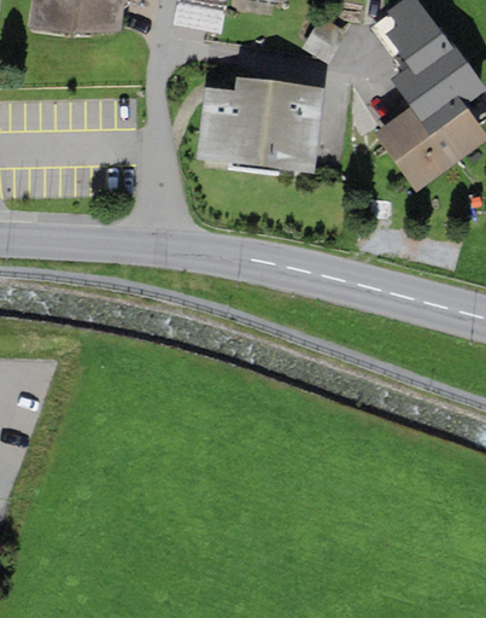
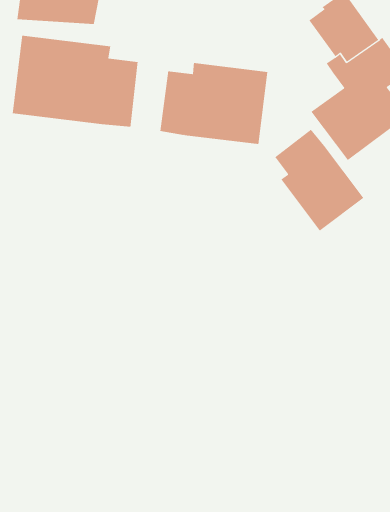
building: none -> [12,35,138,127]
building: none -> [274,129,364,232]

